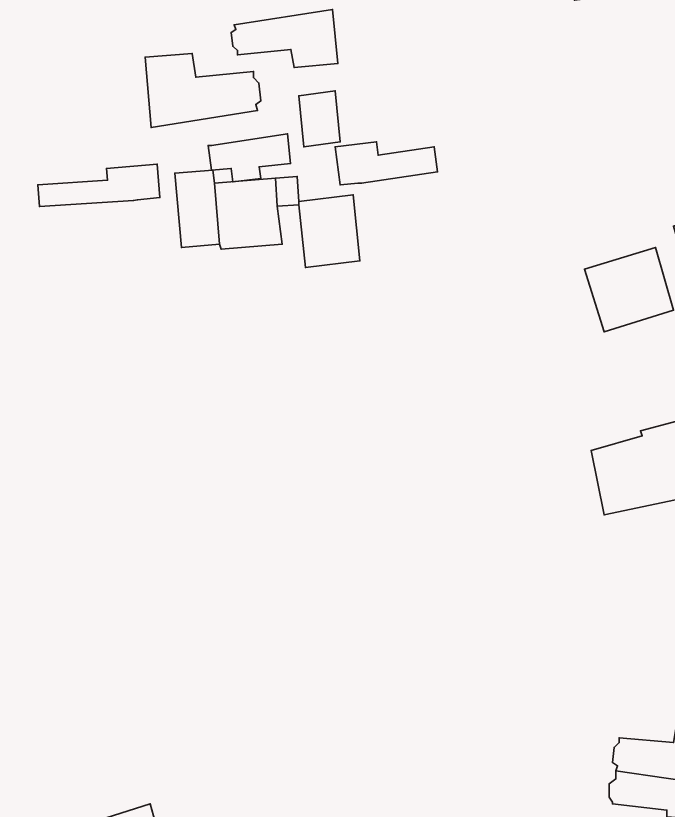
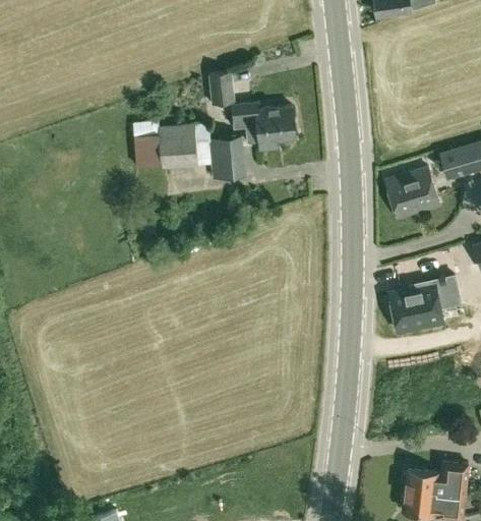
building: [231,10,338,67] -> none
building: [145,54,261,127] -> none
building: [208,134,291,182] -> [245,121,296,151]
building: [38,164,160,207] -> none

